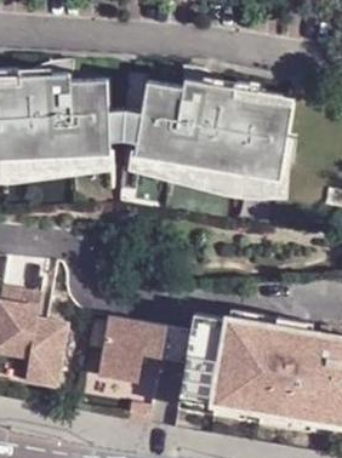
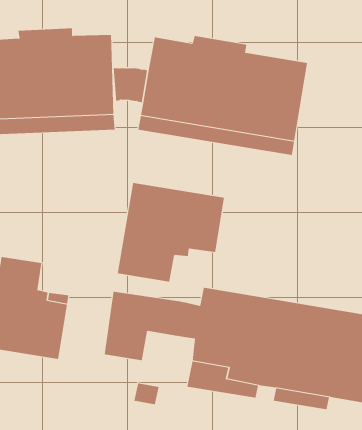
building: none -> [117,182,224,282]

